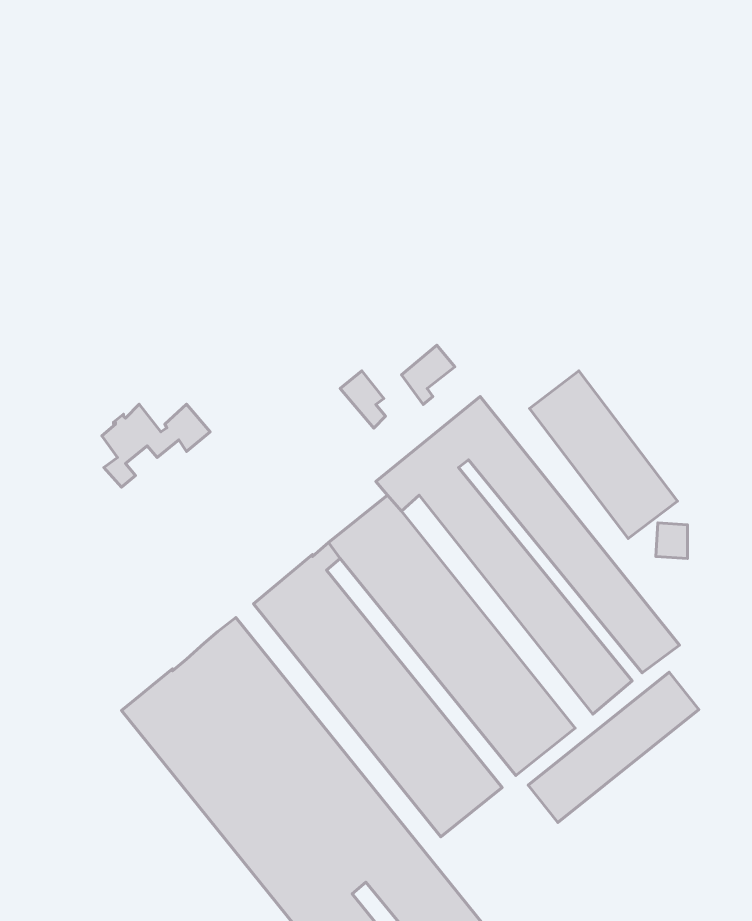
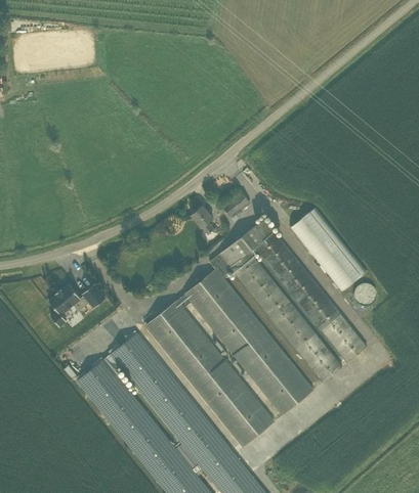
building: [102,404,210,487] -> [49,283,106,326]
building: [528,672,699,822] -> none

